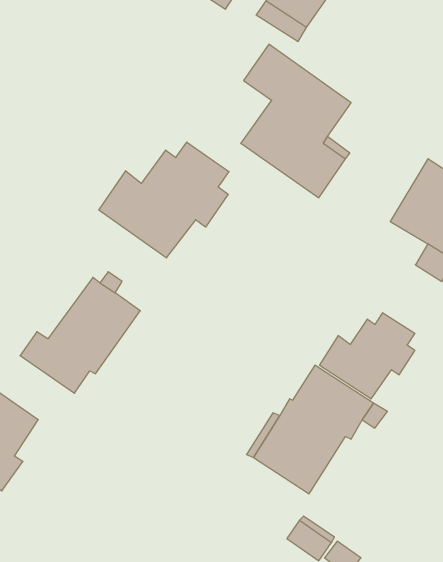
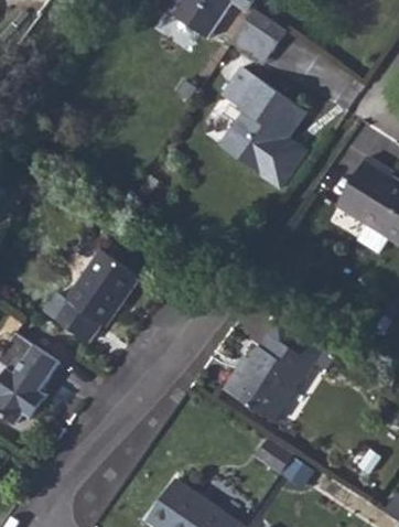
building: [99,142,229,258] -> none
building: [320,313,415,399] -> none

